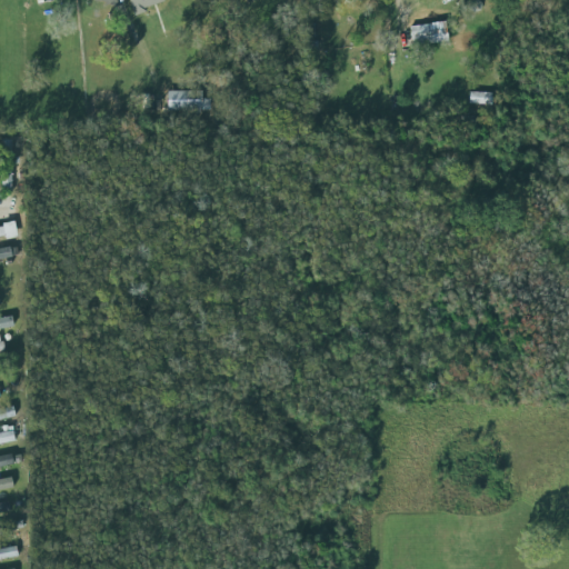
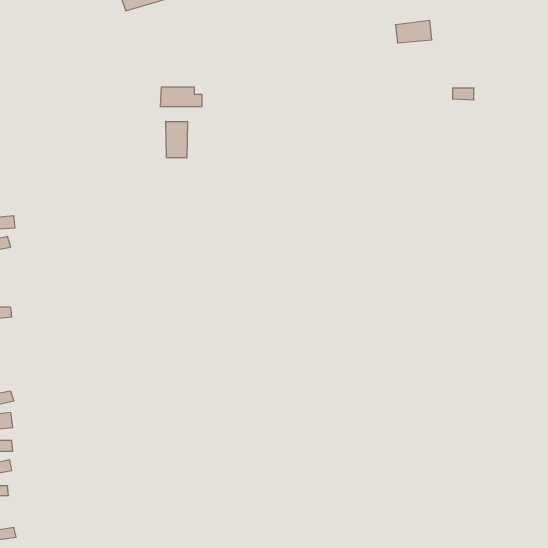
building: none -> [166,121,187,158]

